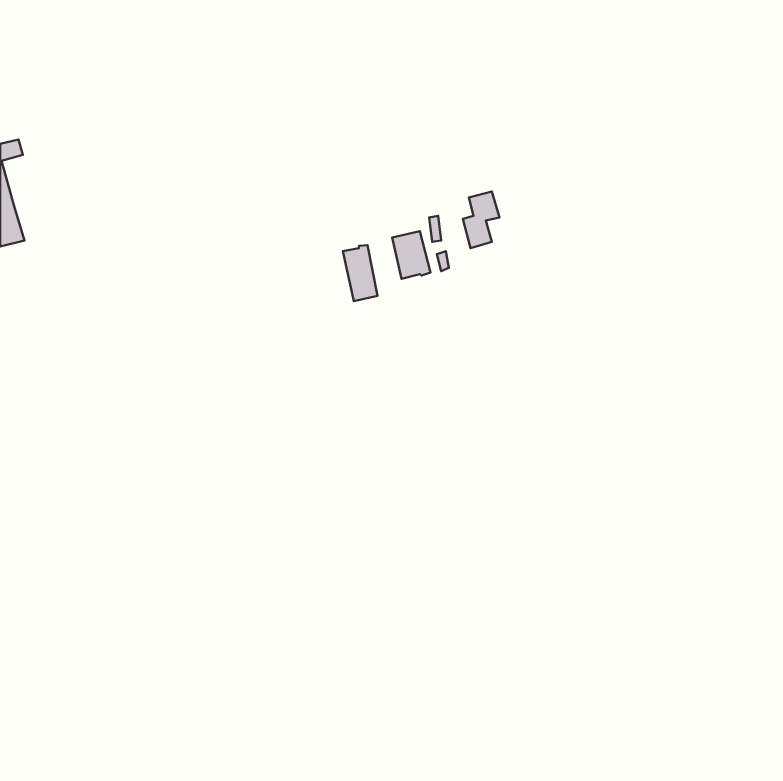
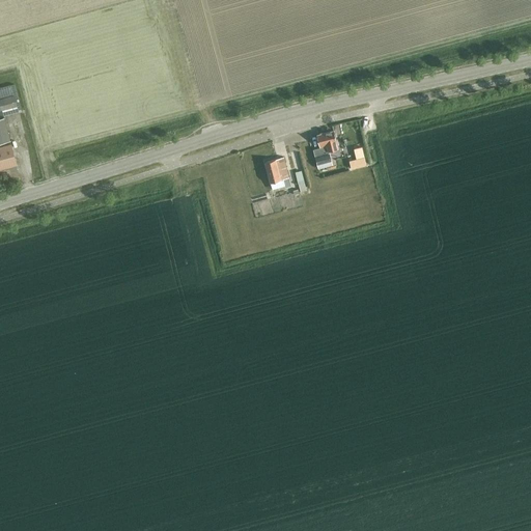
building: [343,245,378,301] -> none

